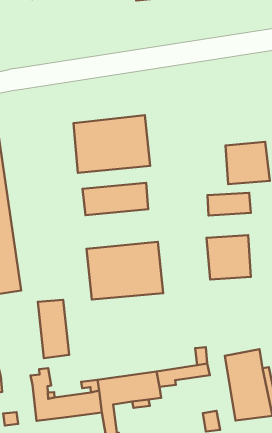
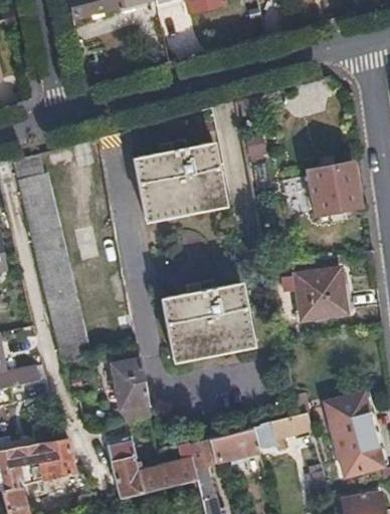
building: [83,183,148,215] -> none
building: [208,193,251,216] -> none

